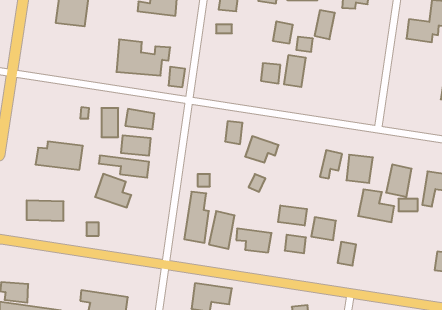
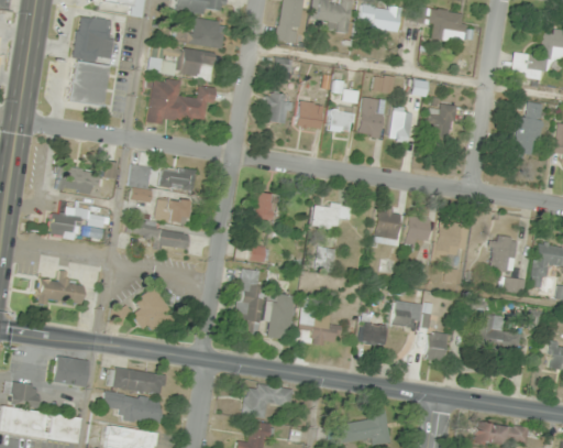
building: [315,10,335,39] -> [388,107,413,143]
building: none -> [179,50,214,76]
building: [273,21,293,43] -> [298,102,323,130]
building: none -> [67,59,110,107]
building: none -> [516,103,541,156]
building: none -> [426,105,456,140]
building: [168,67,185,87] -> [267,98,288,123]
building: none -> [56,165,98,195]
building: [225,121,243,144] -> [250,193,272,221]
building: none -> [373,207,400,245]
building: [95,174,131,207] -> [133,291,178,332]
building: [358,189,394,222] -> [474,314,519,354]
building: [278,205,307,226] -> none
building: none -> [53,356,88,386]
building: none -> [108,368,165,393]

